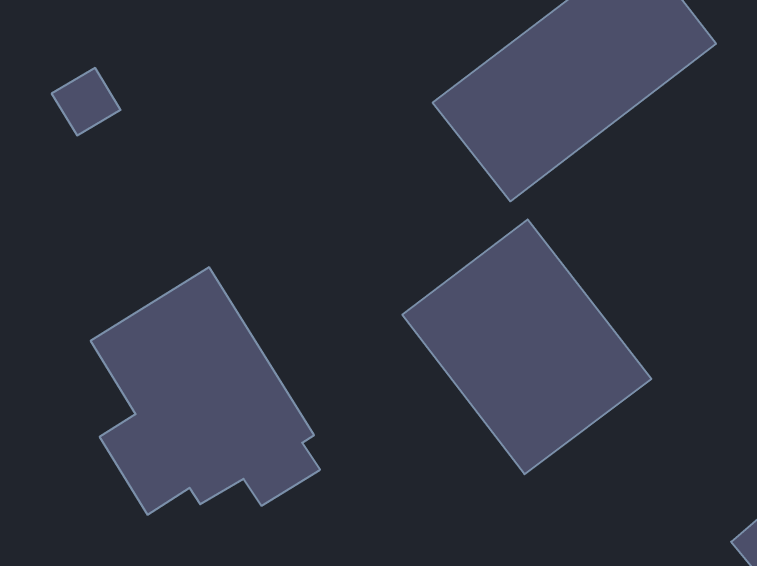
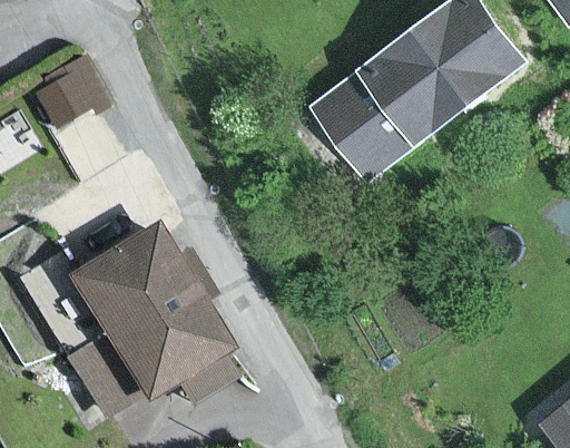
building: [402,219,651,474] -> none

